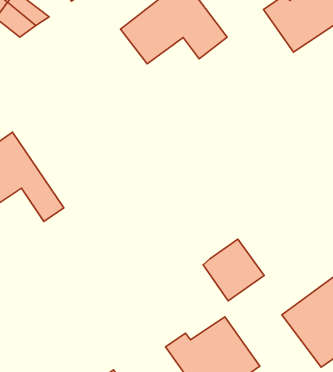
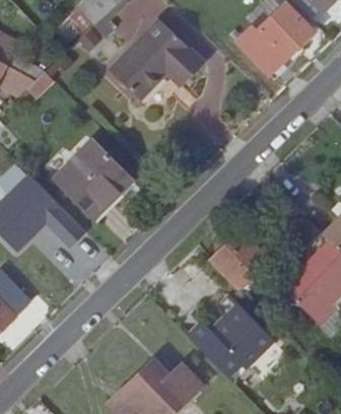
building: none -> [50,136,134,217]

